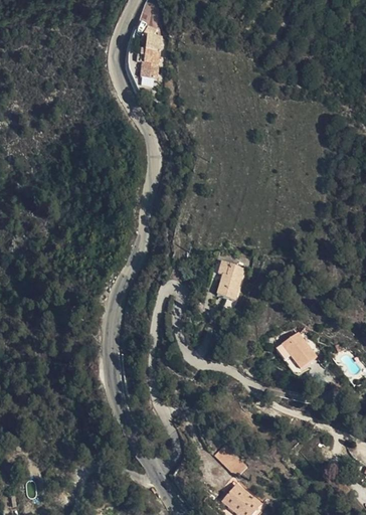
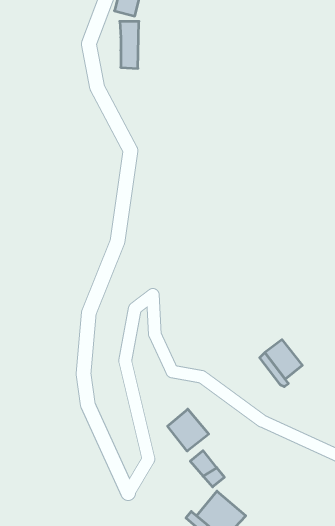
building: [217,263,244,301] -> none
building: none -> [168,409,209,451]

